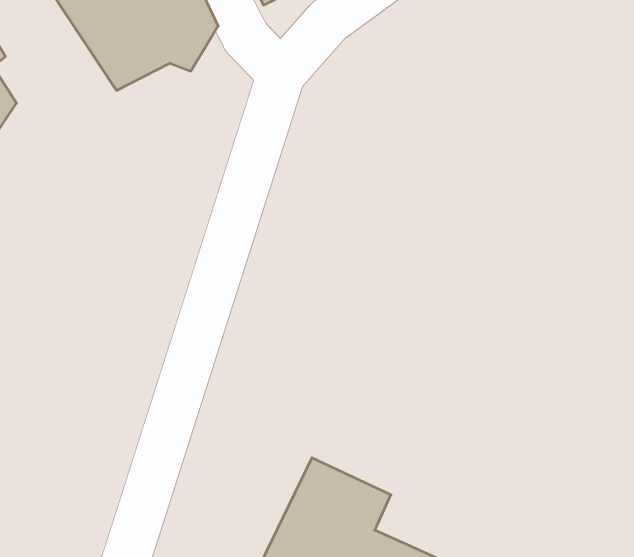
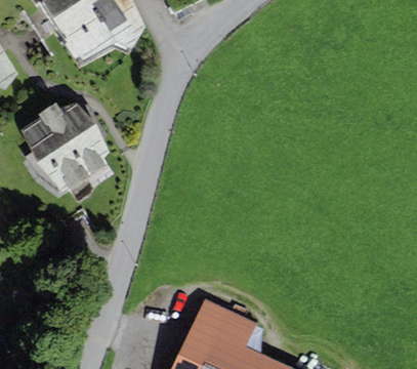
building: none -> [18,102,108,193]

